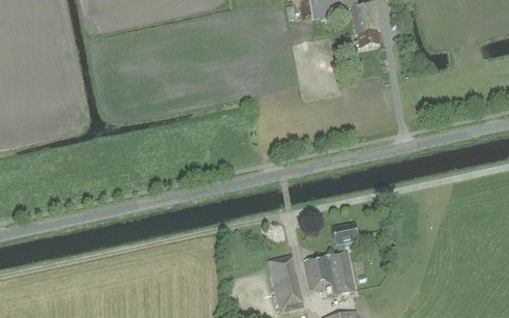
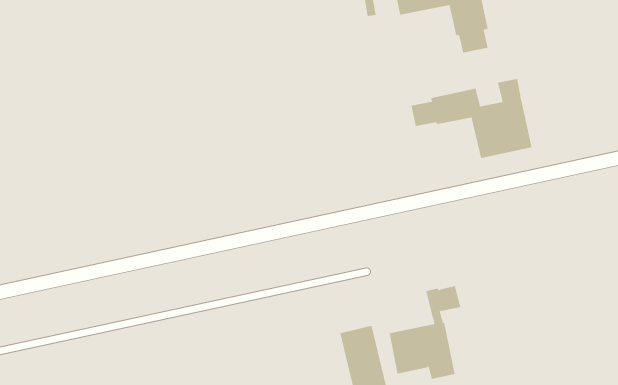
building: none -> [411,78,532,159]

